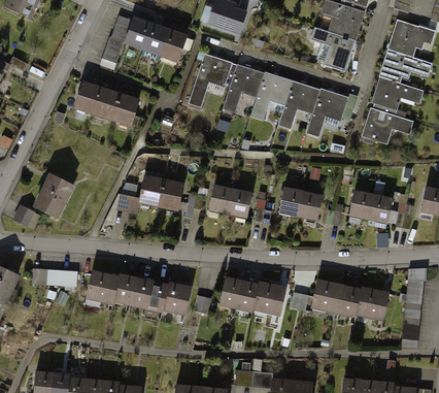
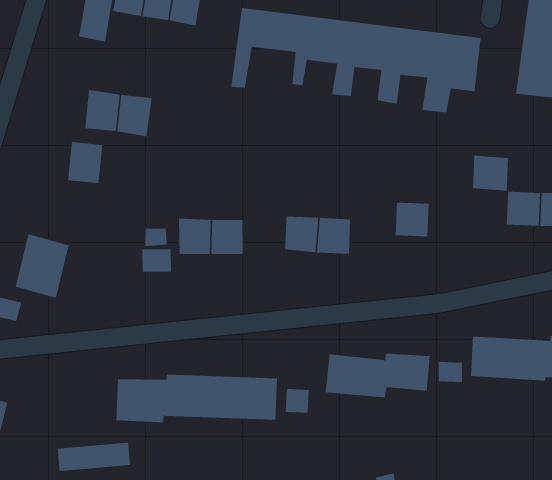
building: [75,84,101,112] -> [67,142,103,184]
building: [298,193,324,219] -> [472,155,509,191]
building: [29,267,75,285] -> [57,442,131,472]

